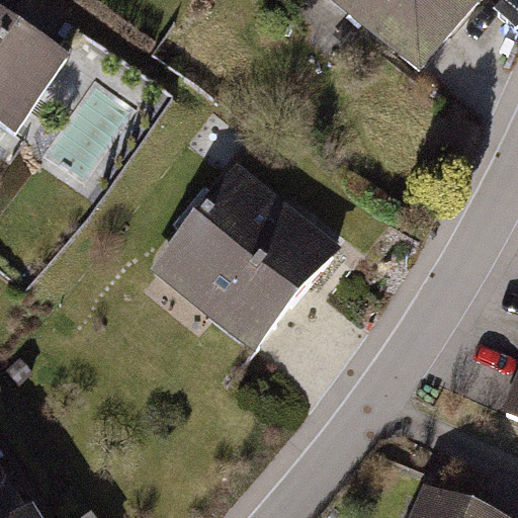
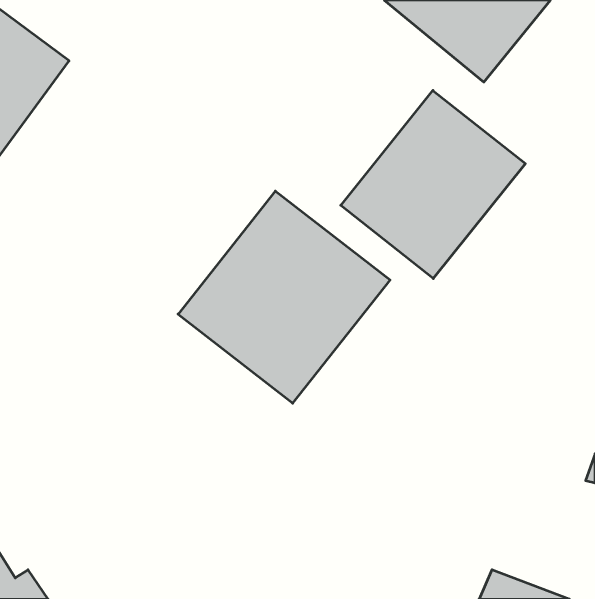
building: none -> [341,90,525,279]

